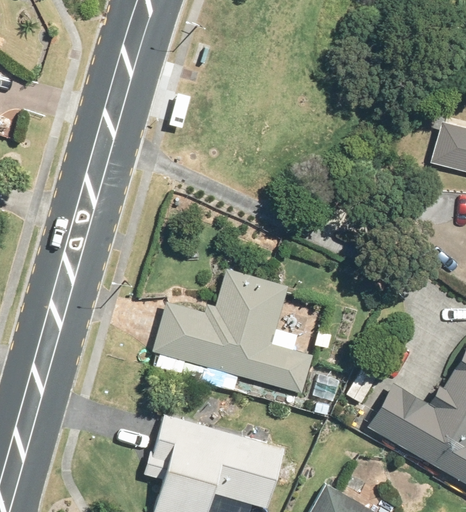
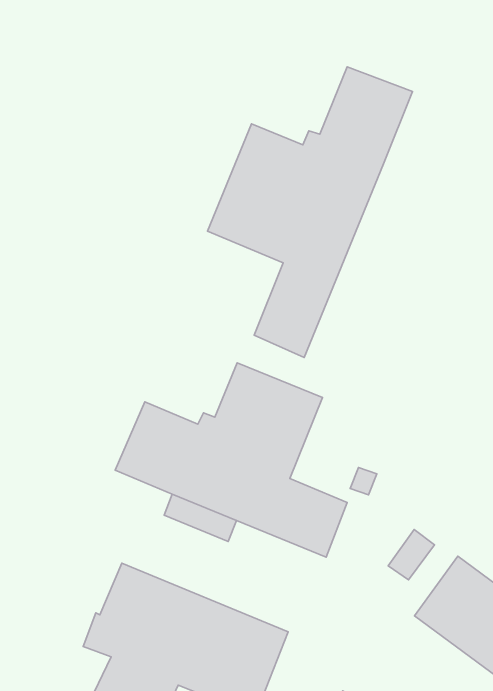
building: none -> [207,67,412,358]

